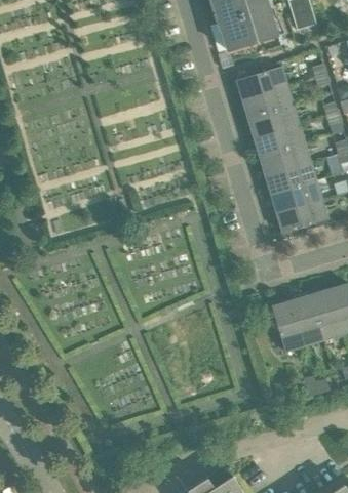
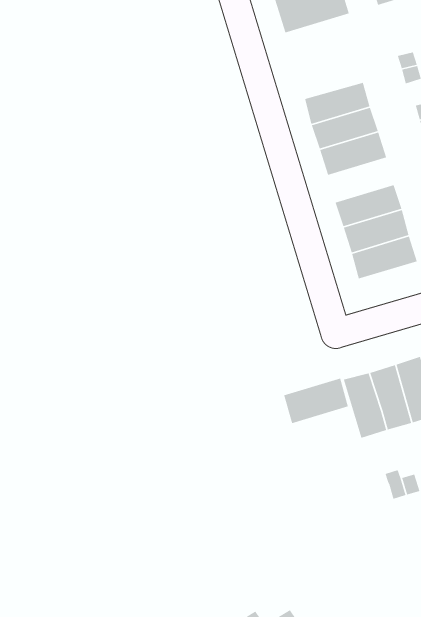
building: [236,66,286,98] -> none
building: [260,142,309,175] -> none
building: none -> [283,378,349,424]

